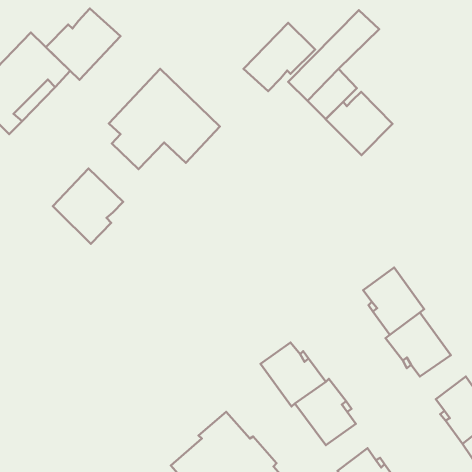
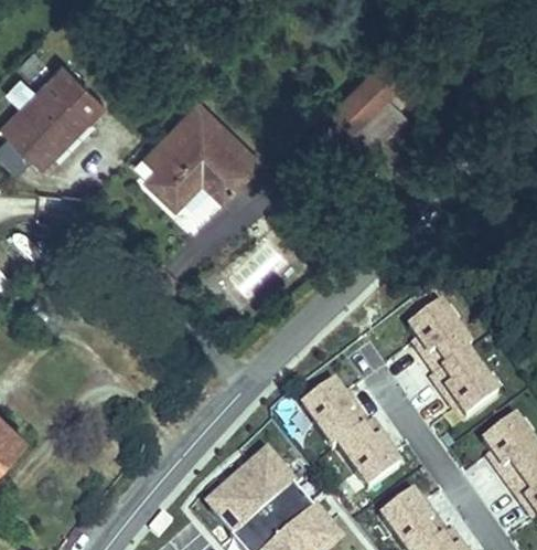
building: [46,9,121,80] -> none
building: [243,23,315,91] -> none
building: [326,92,392,155] -> none
building: [53,169,123,244] -> none

